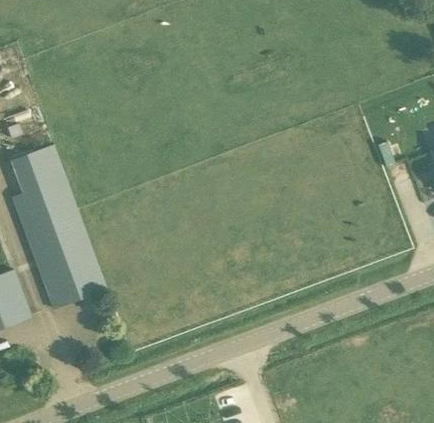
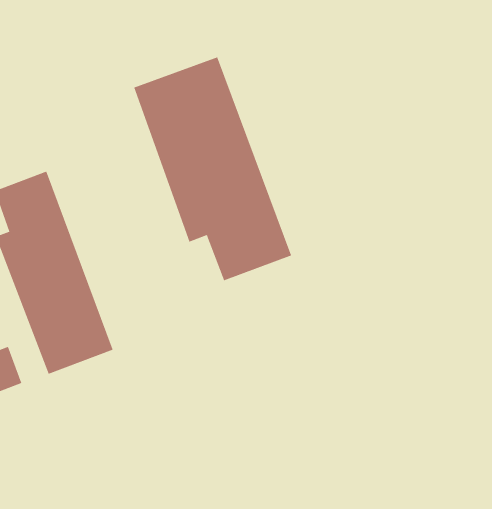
building: none -> [133,56,292,281]

